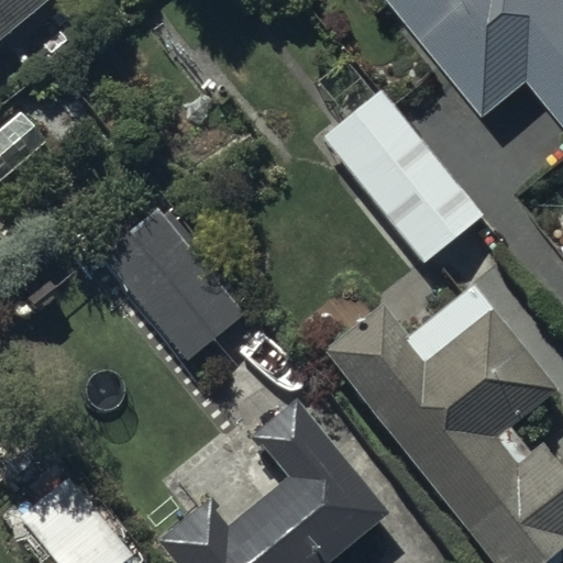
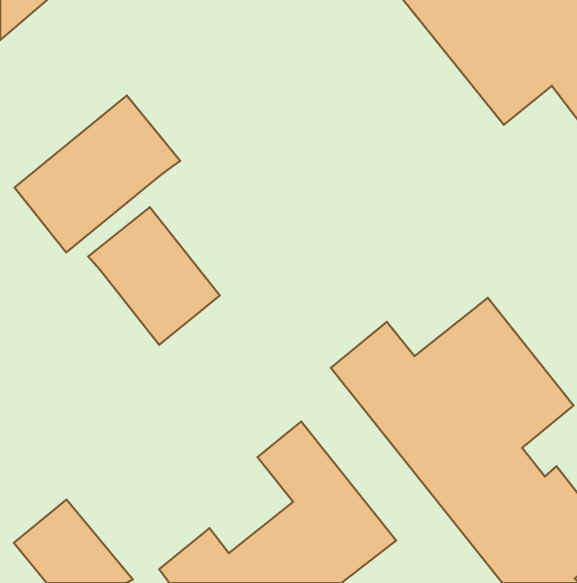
building: [321,86,488,268] -> none
building: none -> [14,96,180,253]

